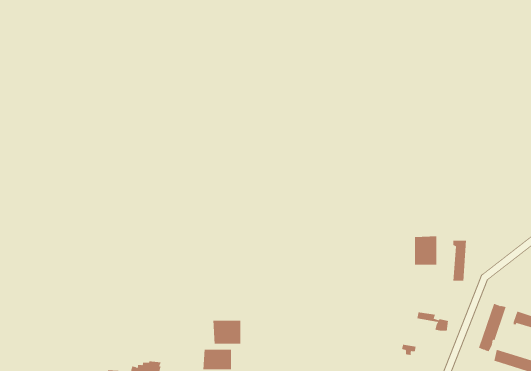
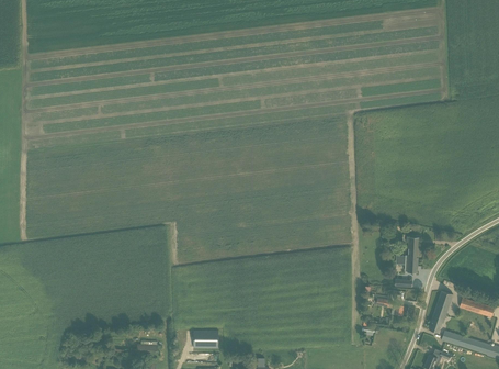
building: [415,235,437,265] -> none
building: [213,320,241,345] -> none

